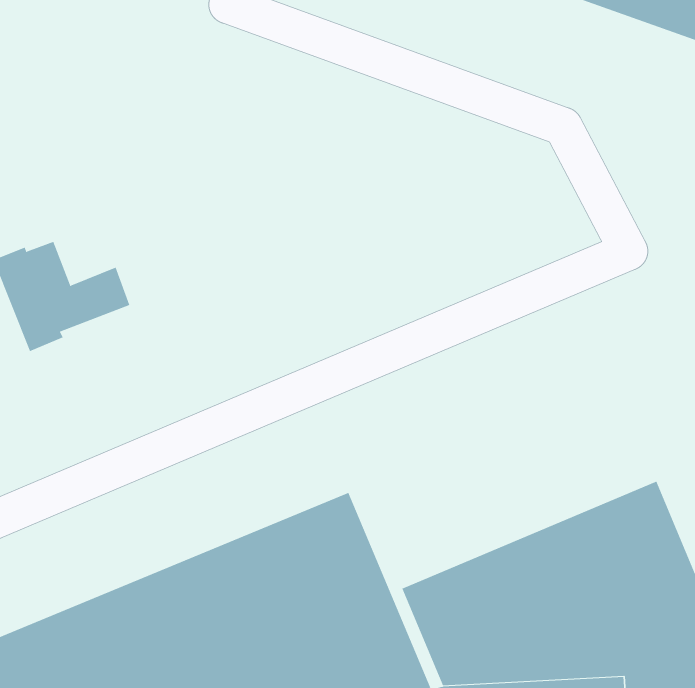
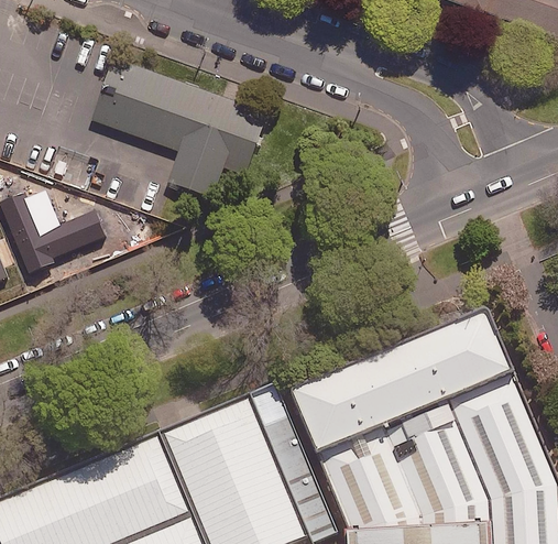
building: none -> [89,58,266,200]
building: none -> [288,309,514,458]

